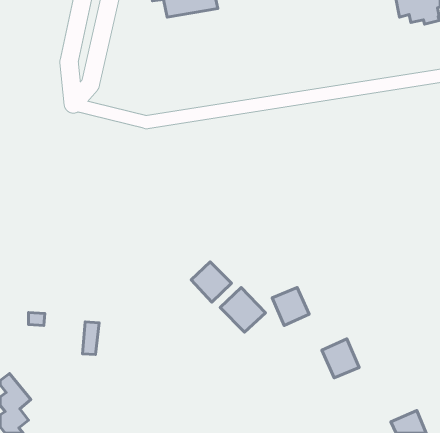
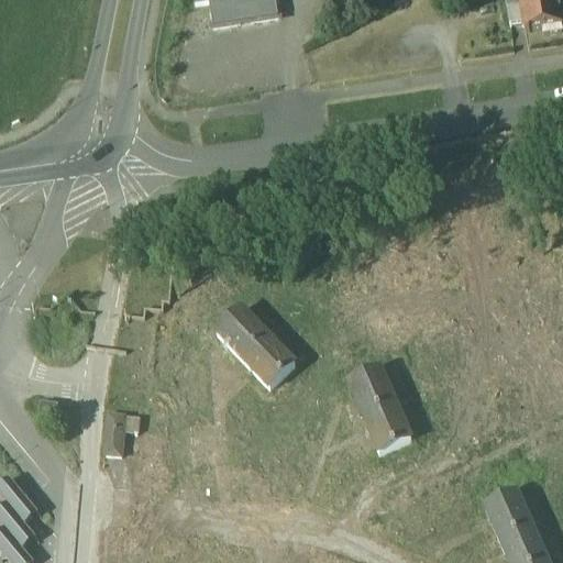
building: none -> [218,307,268,357]
building: [220,287,265,332] -> none
building: [322,339,359,378] -> [363,401,410,451]
building: none -> [484,490,532,539]

